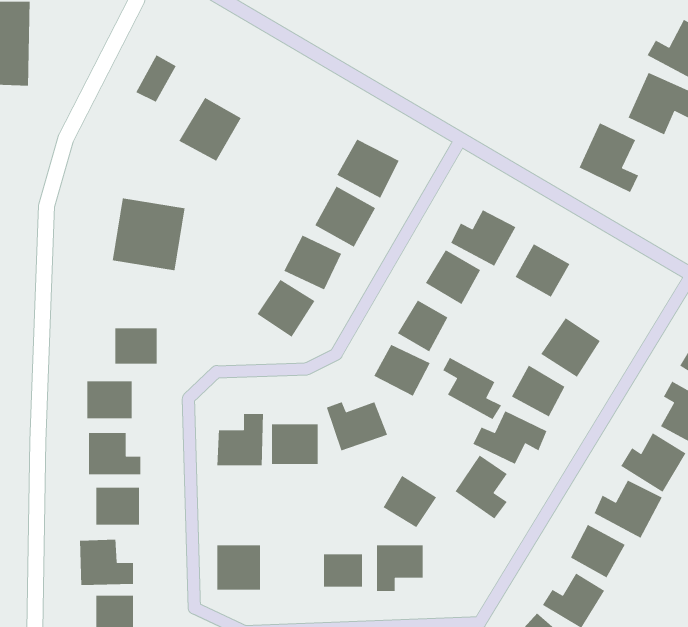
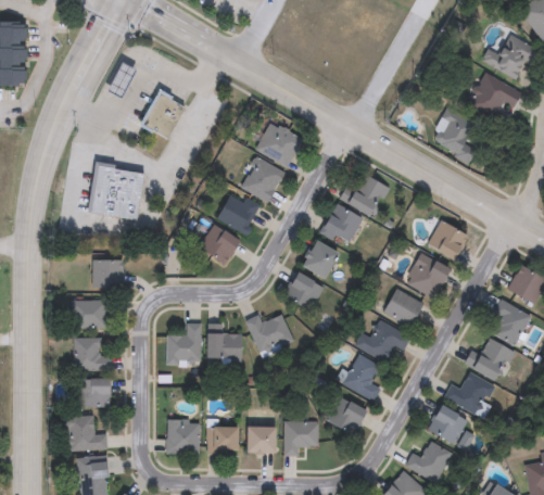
building: [514,243,570,298] -> [427,220,468,261]
building: [442,357,502,420] -> none
building: [383,475,437,528] -> [326,395,366,434]
building: none -> [208,426,238,453]

